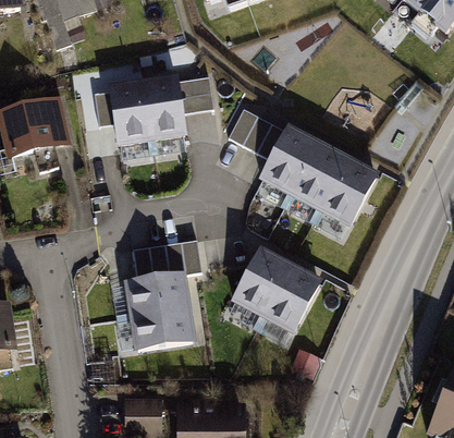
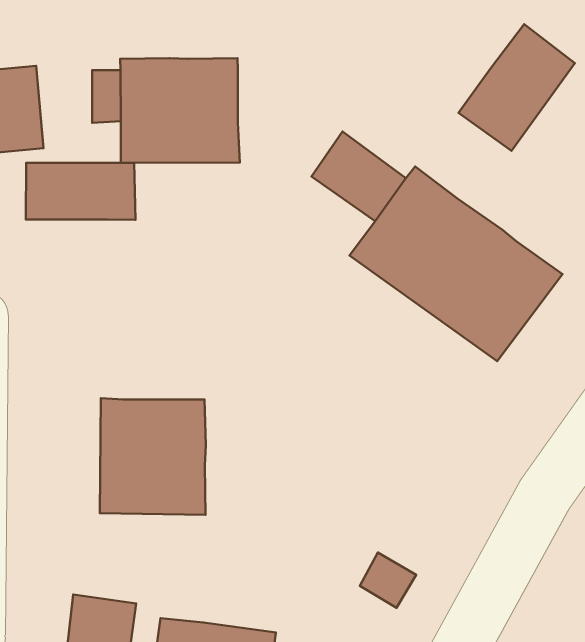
building: none -> [458,24,575,151]
building: [177,76,212,111] -> none
building: [134,239,201,280] -> [26,163,136,220]
building: [231,245,323,334] -> none

